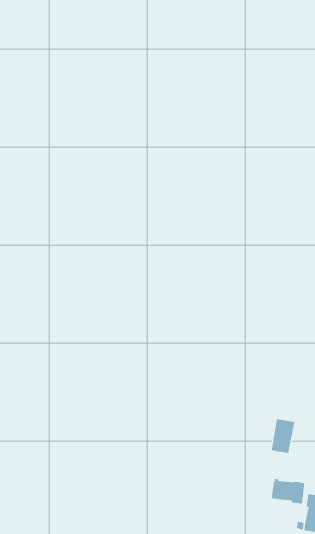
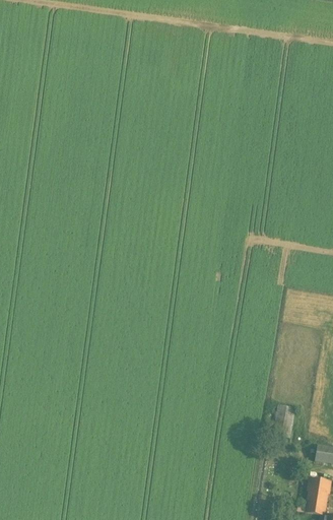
building: [271,478,305,504] -> none

